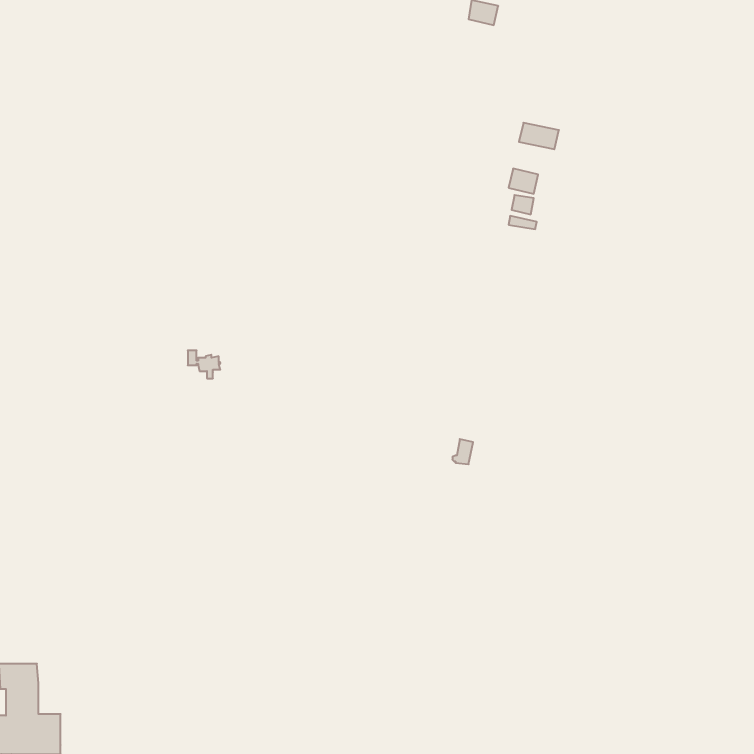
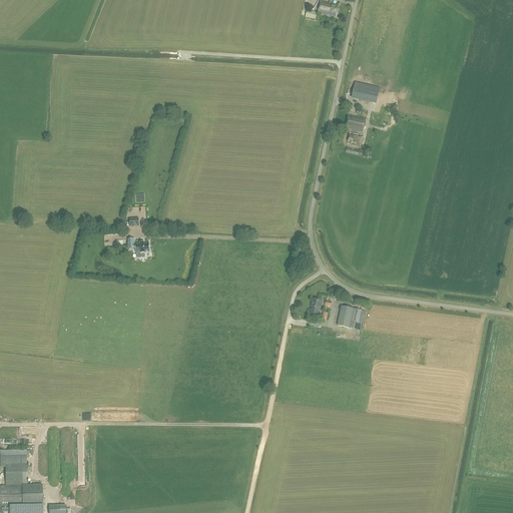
building: none -> [337,306,361,330]

